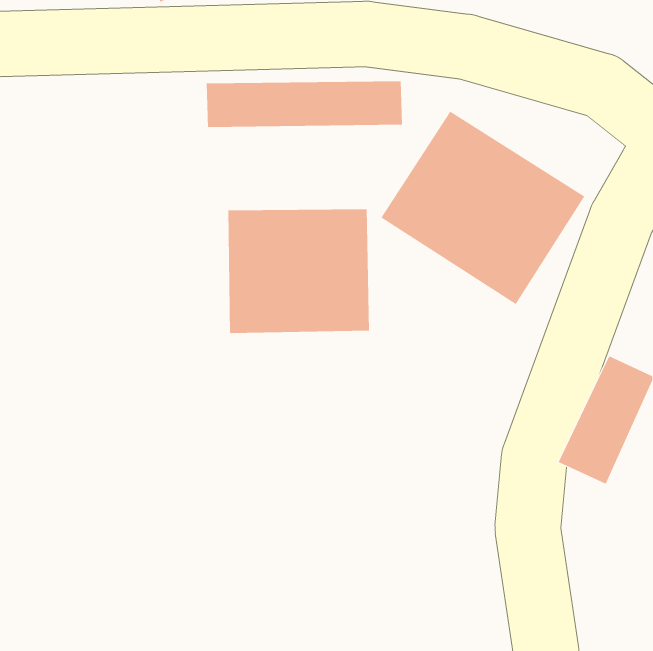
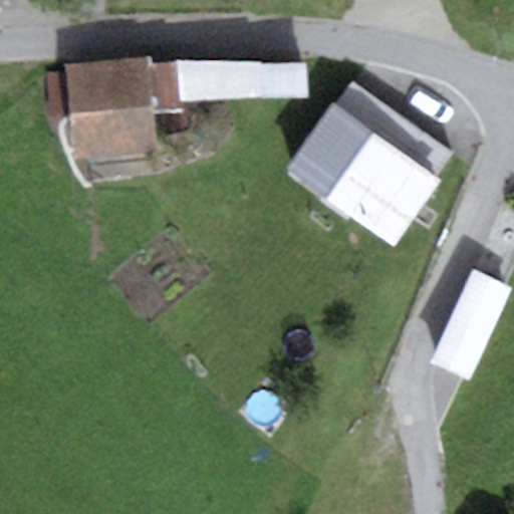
building: none -> [64,64,156,160]
building: [228,208,369,334] -> none

